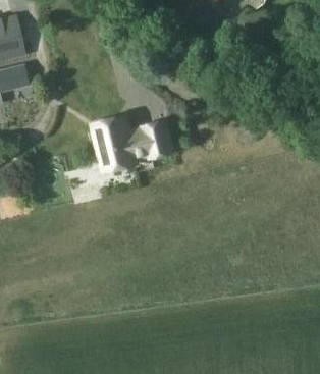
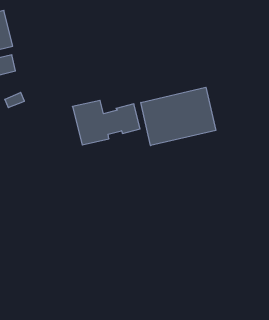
building: none -> [141,87,216,146]

